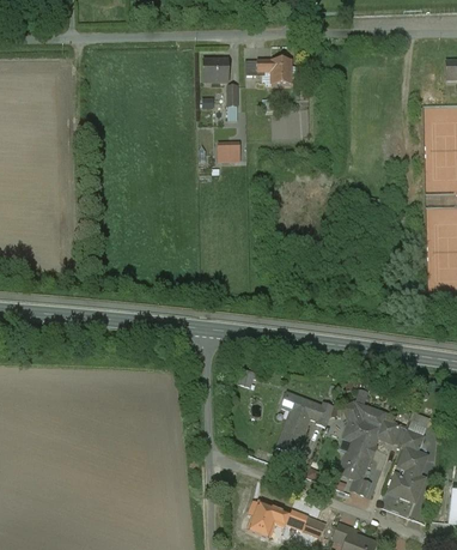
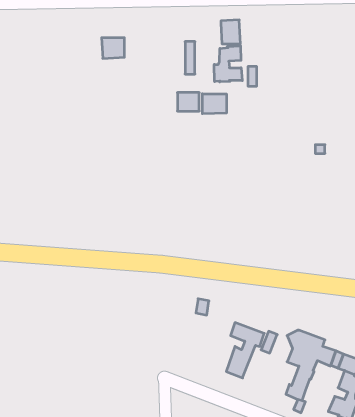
building: [202,61,227,84] -> [102,38,124,58]
building: none -> [214,46,242,82]
building: none -> [202,94,227,114]

